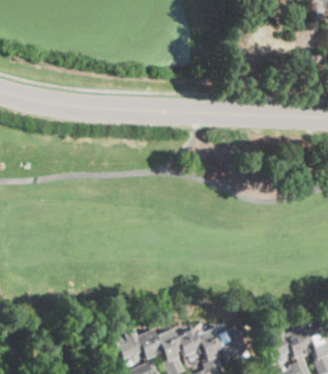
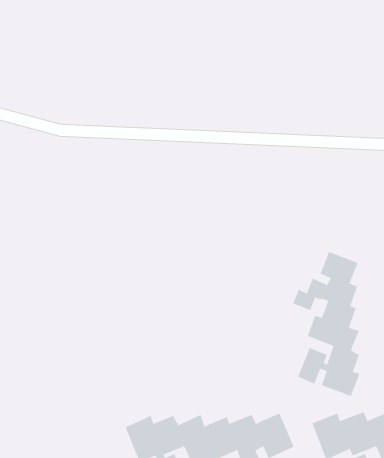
building: none -> [292,251,360,397]

